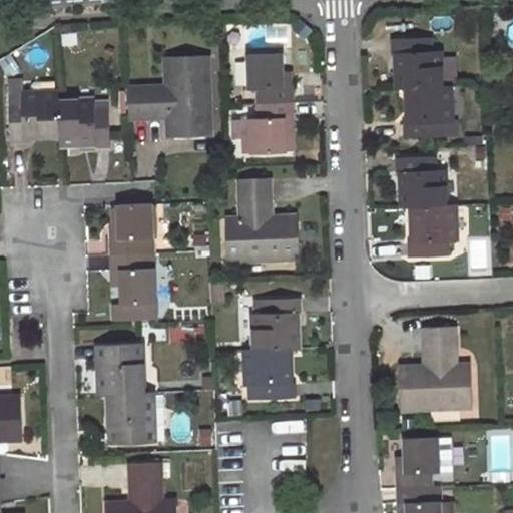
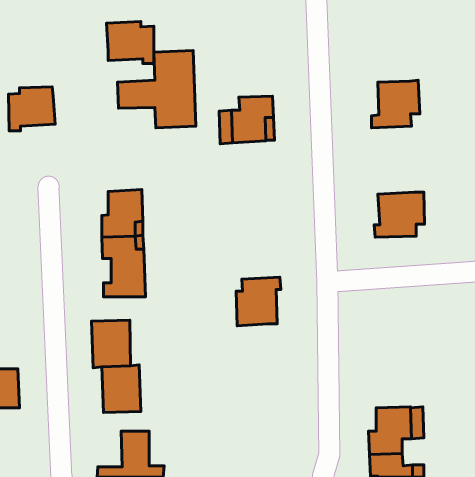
building: [389,37,440,88] -> none
building: [246,54,293,104] -> none
building: [57,101,108,146] -> [106,21,154,63]
building: [393,155,445,208] -> none
building: [224,178,299,261] -> none
building: [399,328,471,409] -> none
building: [246,348,293,399] -> none

